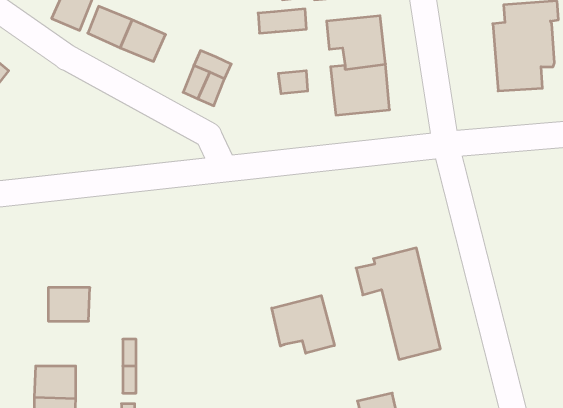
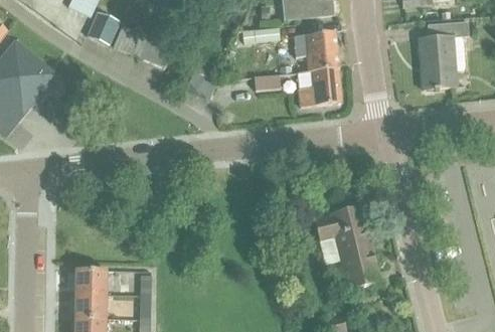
building: [48,288,90,321] -> [74,270,106,295]
building: [272,296,334,353] -> none

